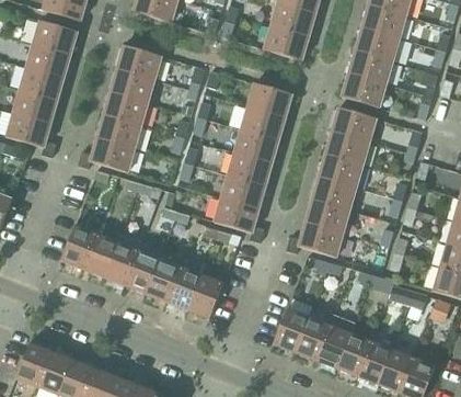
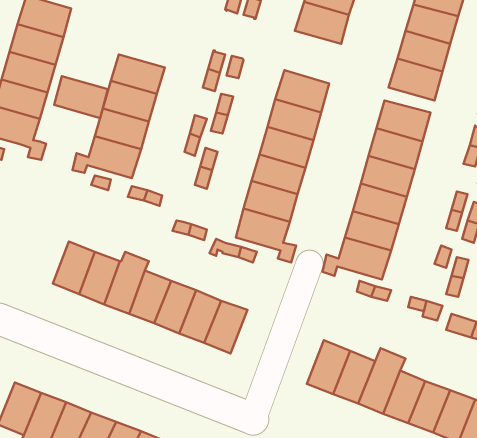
building: [116,45,161,80] -> [54,76,108,118]

